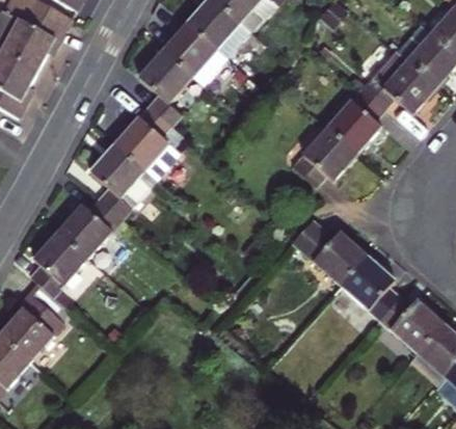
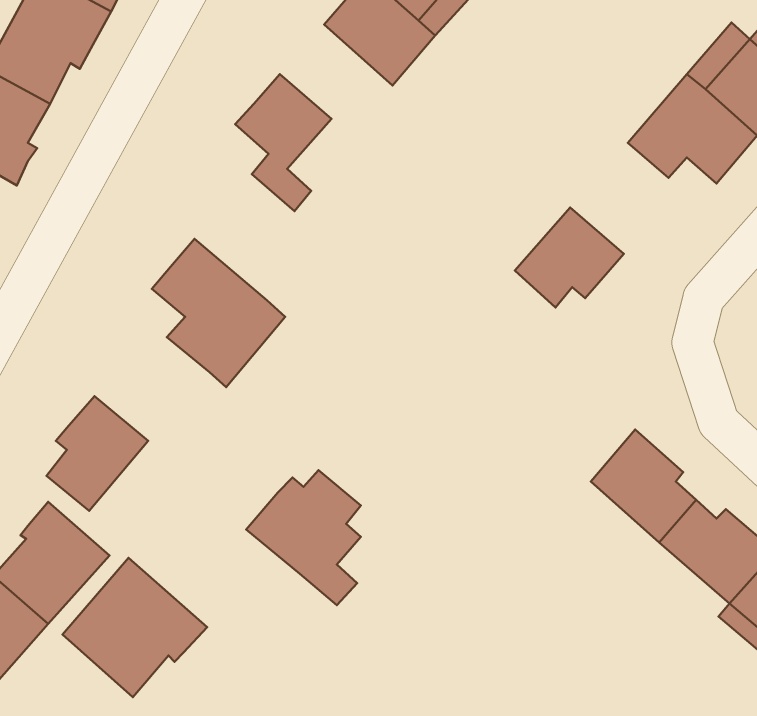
building: [163,24,226,86] -> none
building: [326,90,381,153] -> none
building: [115,108,178,179] -> none
building: [59,199,124,275] -> [246,470,361,605]
building: [297,223,363,280] -> none
building: none -> [62,558,207,697]

